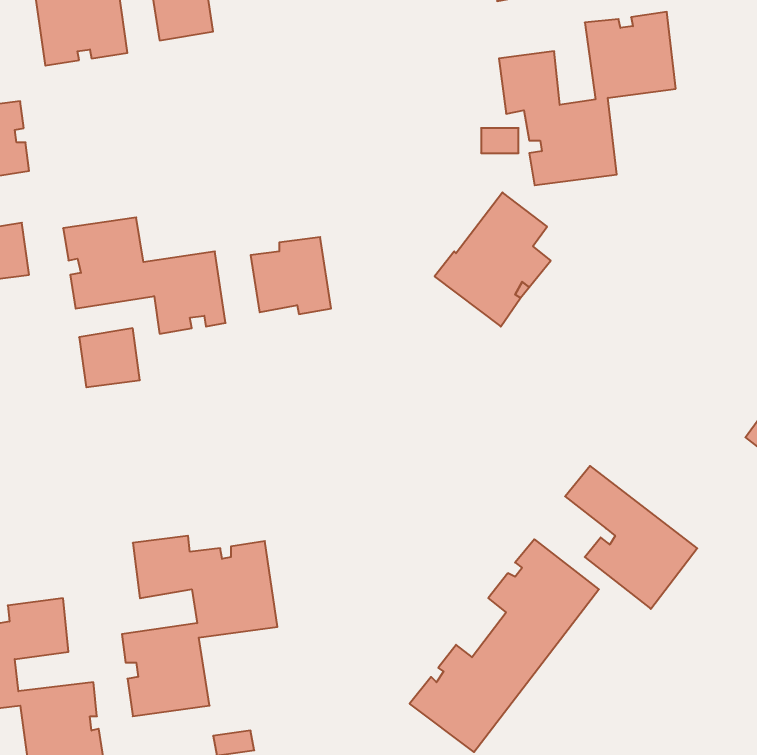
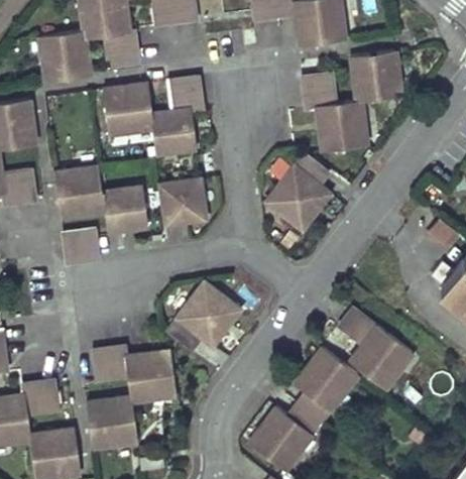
building: none -> [104,76,203,154]
building: none -> [168,280,242,348]

